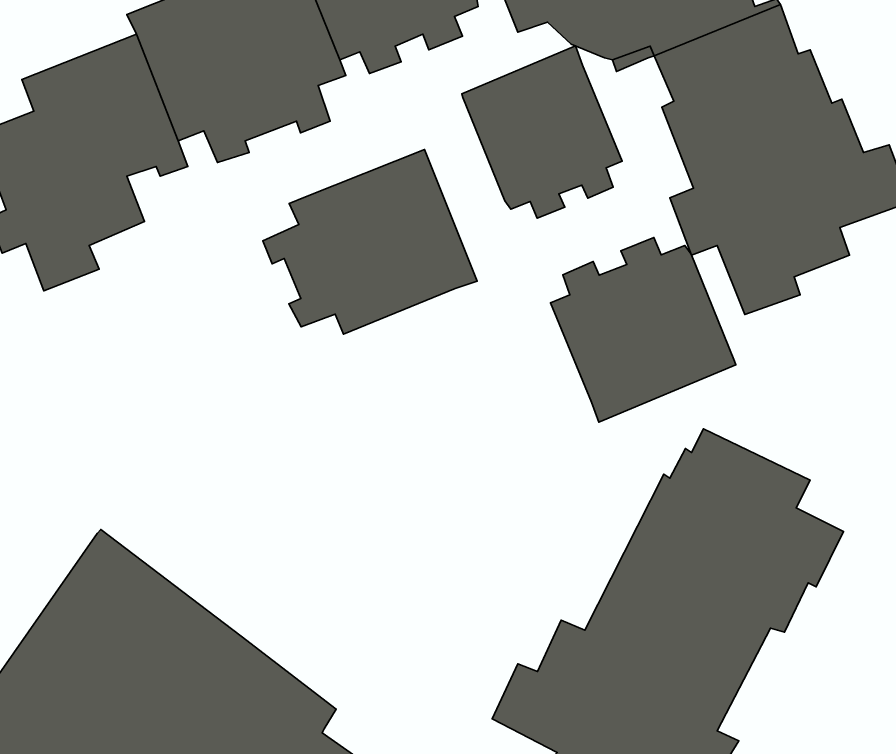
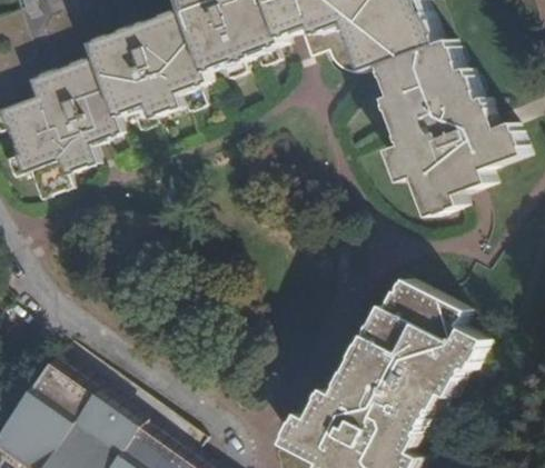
building: [462,46,622,218] -> none
building: [263,149,477,334] -> none
building: [551,237,736,422] -> none

